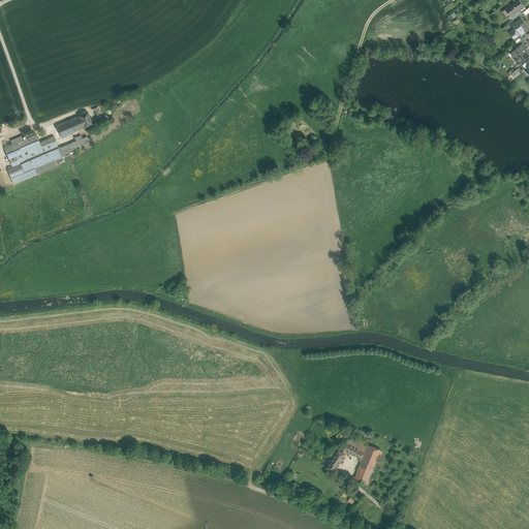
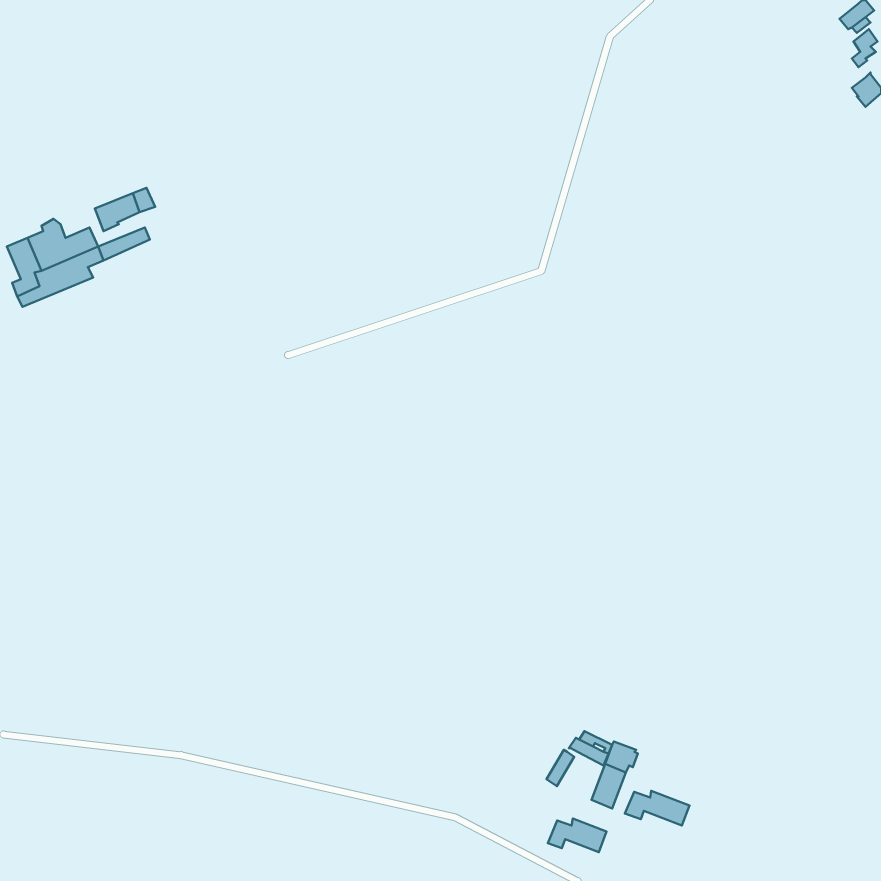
building: none -> [625,791,689,825]
building: none -> [548,818,607,852]

